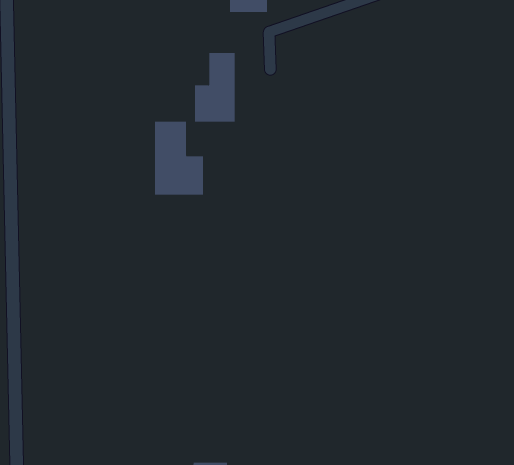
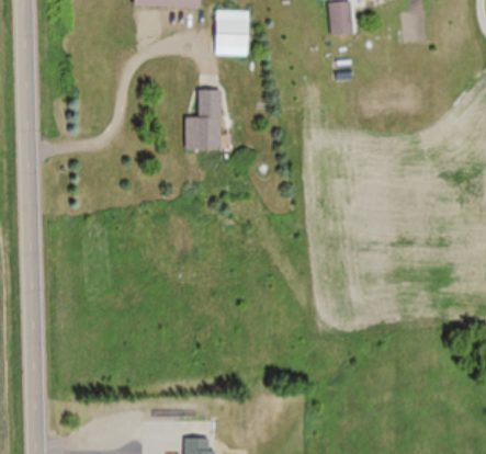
building: [154,121,204,196] -> none

